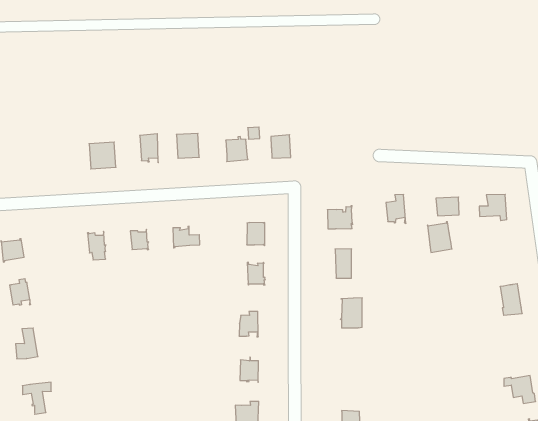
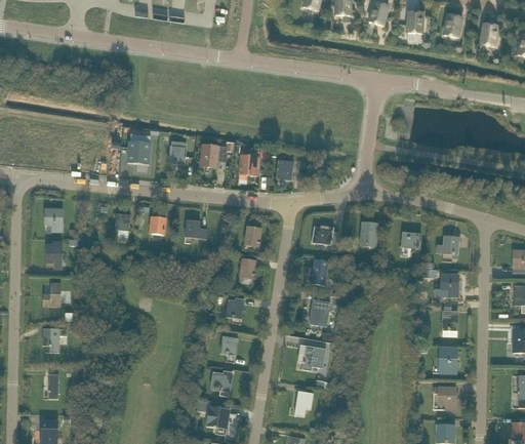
building: [428,222,452,252] -> [441,274,458,296]
building: none -> [439,348,457,372]
building: none -> [298,346,326,371]

